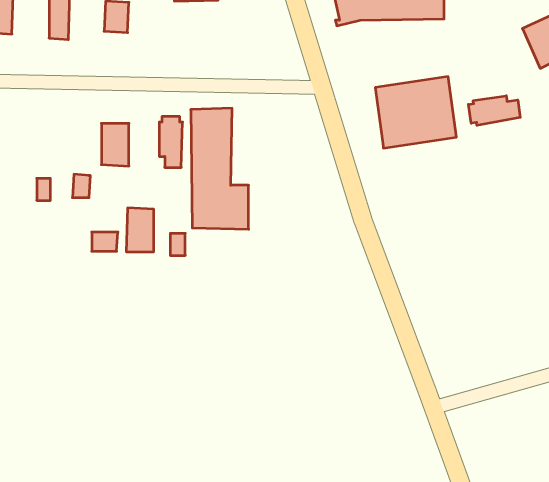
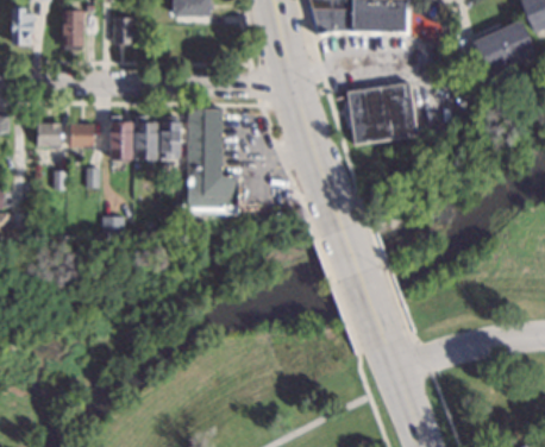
building: [468,96,520,125] -> none
building: none -> [38,121,62,146]
building: none -> [71,122,95,147]
building: [126,208,154,252] -> [136,120,159,158]

